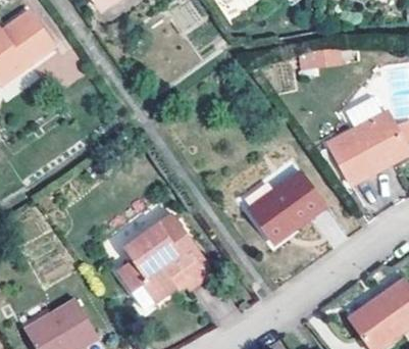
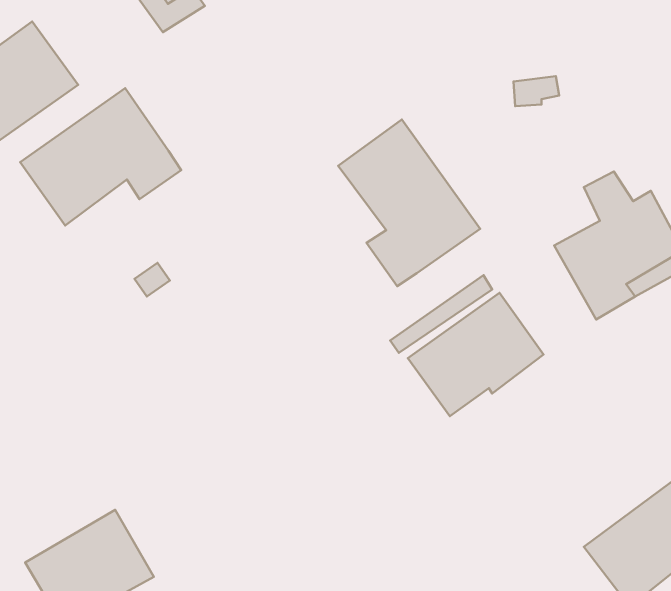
building: none -> [20,88,181,225]
building: none -> [338,119,480,286]
building: [117,213,215,306] -> none

